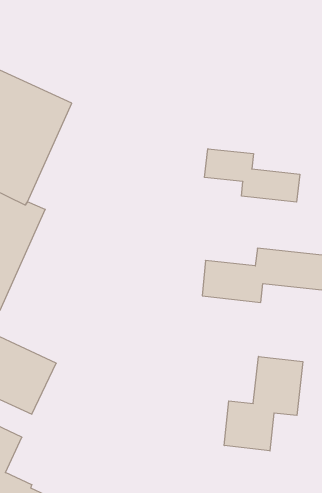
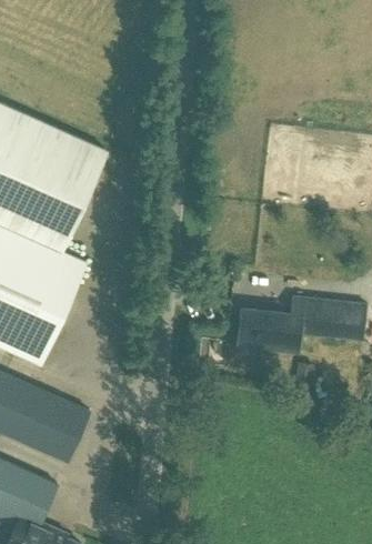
building: [204,149,300,202] -> none
building: [224,356,303,451] -> none

